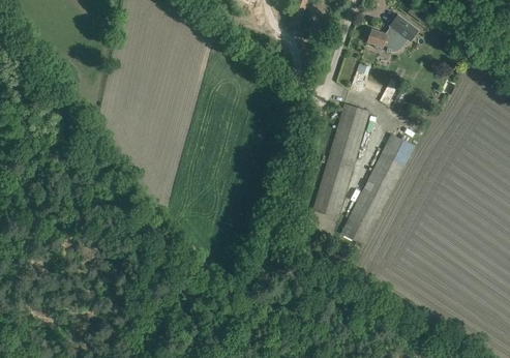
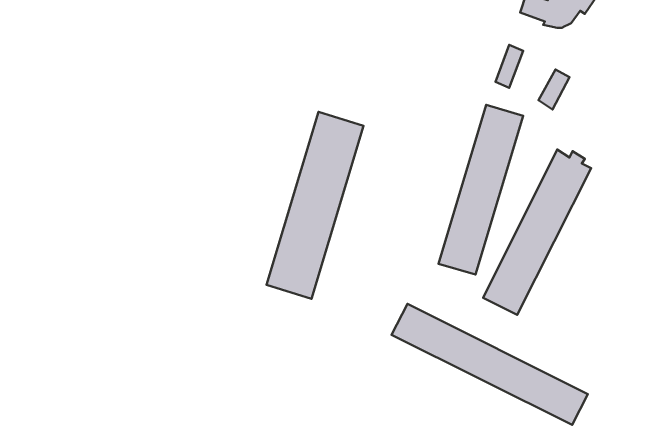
building: none -> [266,112,364,299]
building: none -> [392,304,588,425]

